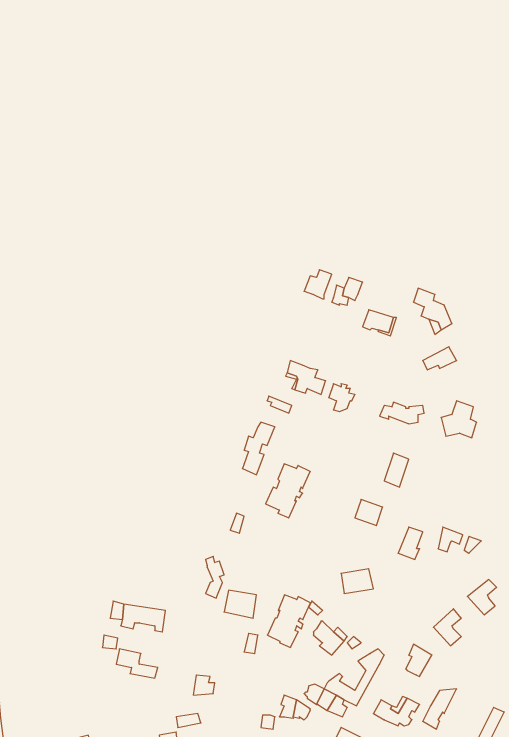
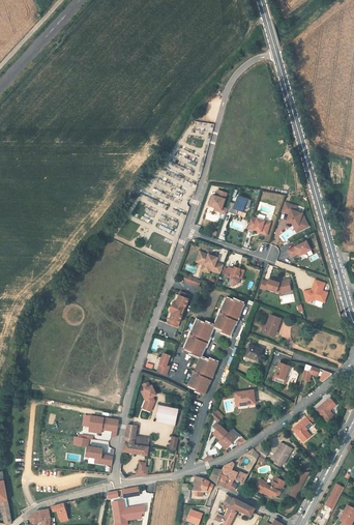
building: none -> [213,298,242,334]
building: [267,595,311,647] -> [188,358,217,393]
building: none -> [123,425,150,456]

